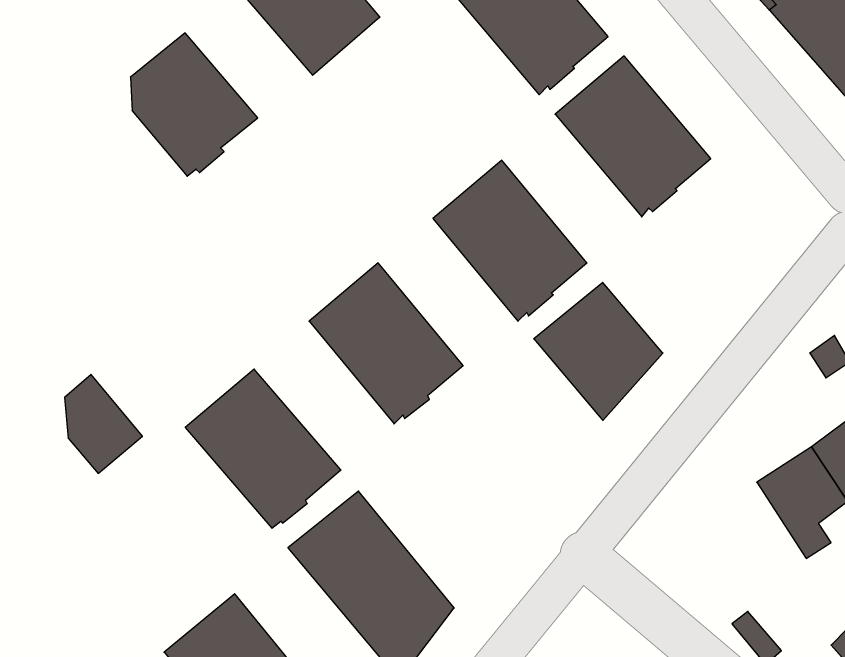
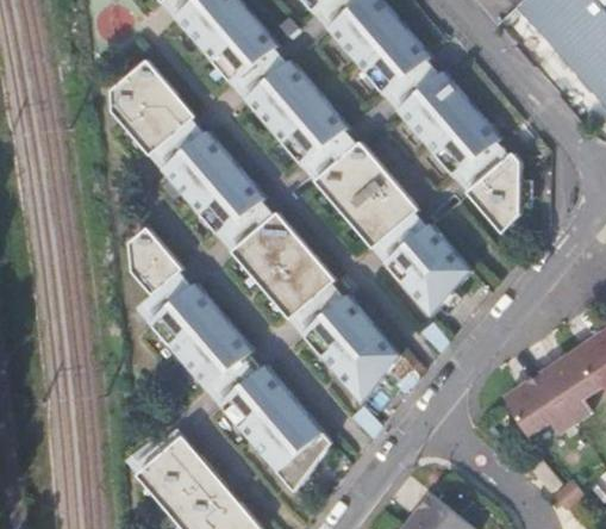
building: none -> [249,63,352,170]
building: none -> [165,132,270,241]
building: none -> [470,157,526,238]
building: [65,374,142,473] -> [133,230,186,297]
building: none -> [304,298,401,407]
building: none -> [499,362,569,425]

